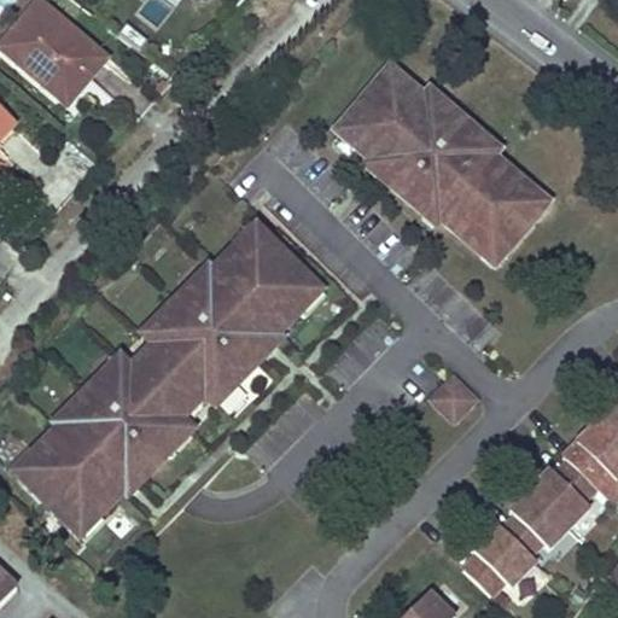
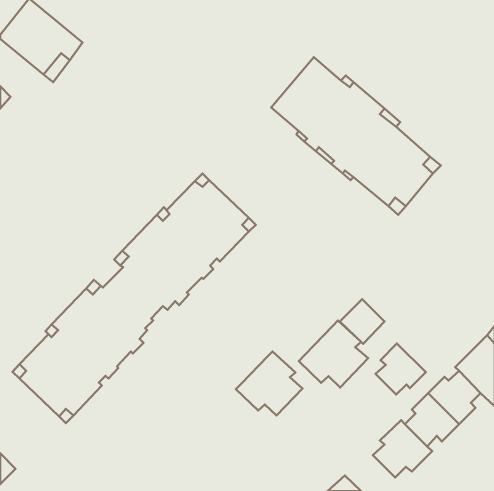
building: none -> [299,321,368,387]
building: none -> [376,344,426,395]
building: none -> [236,351,303,416]

